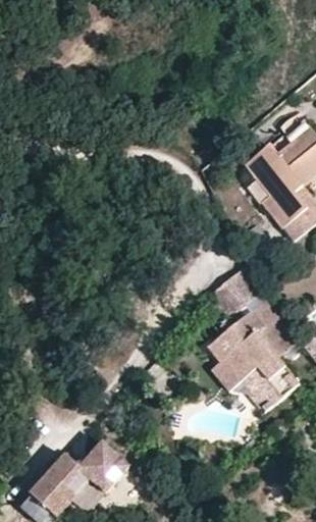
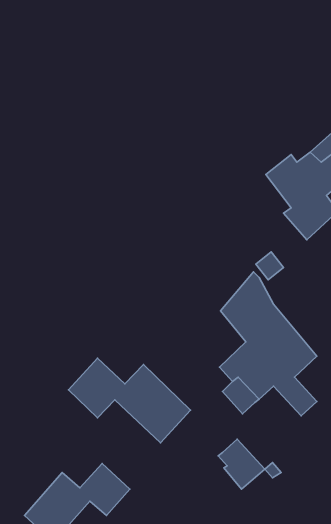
building: none -> [69,358,190,443]
building: [240,369,282,415] -> [218,439,265,489]

